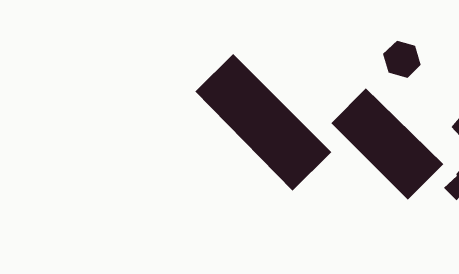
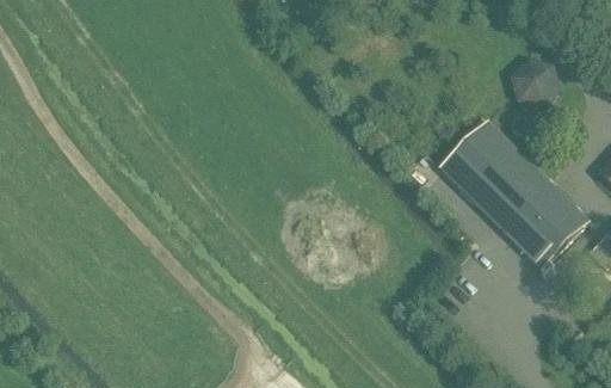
building: [195,53,332,192] -> none

